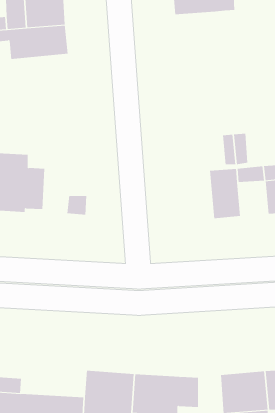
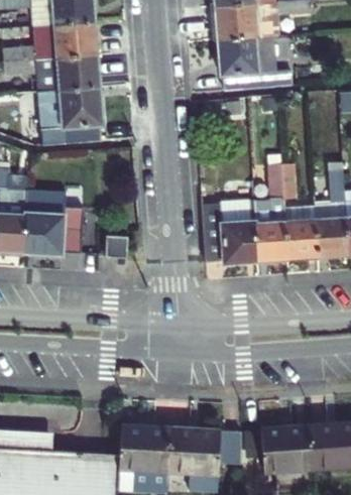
building: none -> [216,37,288,91]
building: none -> [38,84,104,144]
building: none -> [205,210,258,265]
building: none -> [284,221,317,259]

